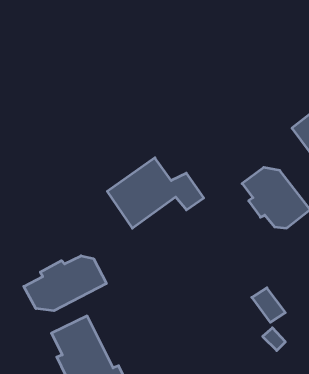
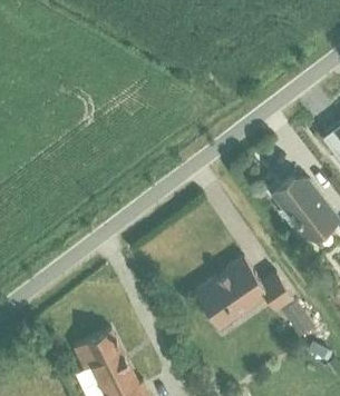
building: [107,158,204,228] -> [195,258,294,330]
building: [24,256,106,311] -> none

